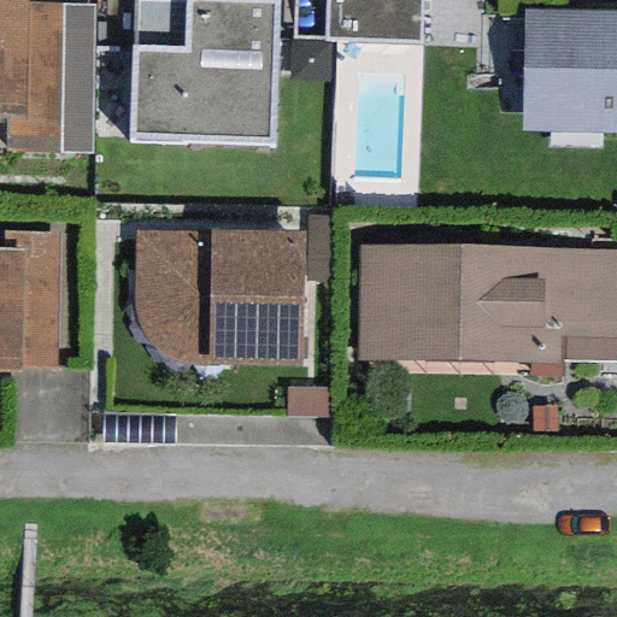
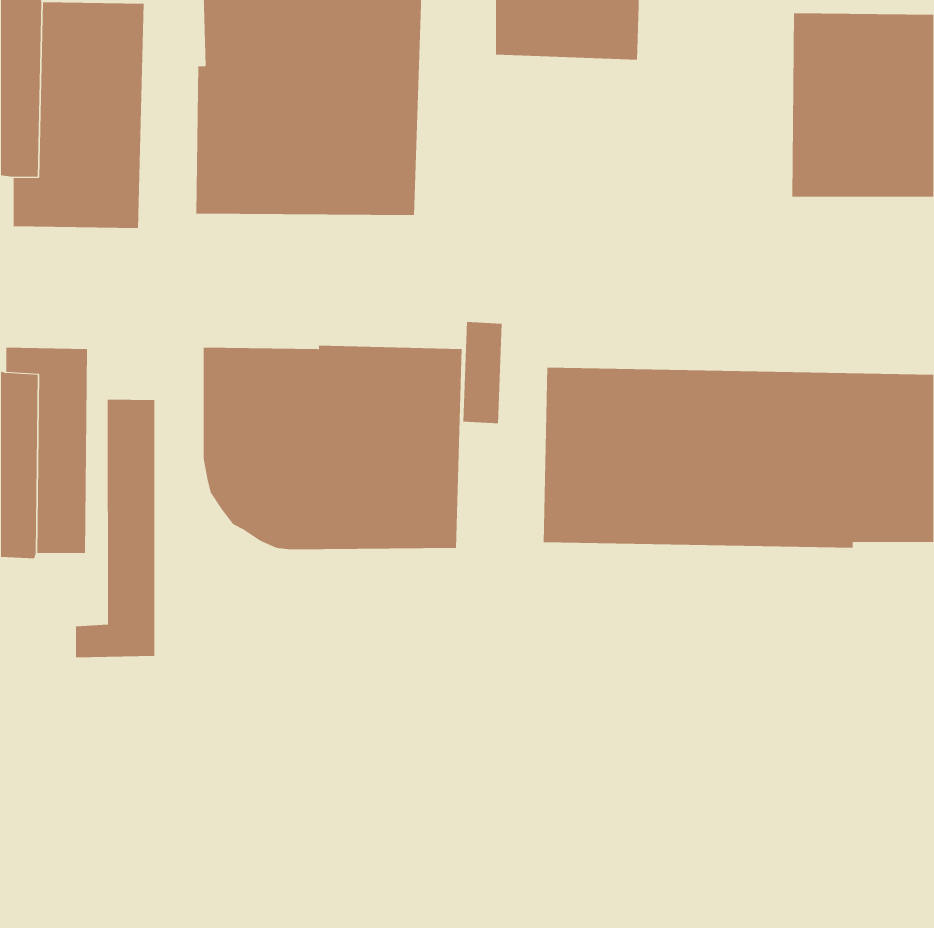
building: none -> [75,399,155,658]

